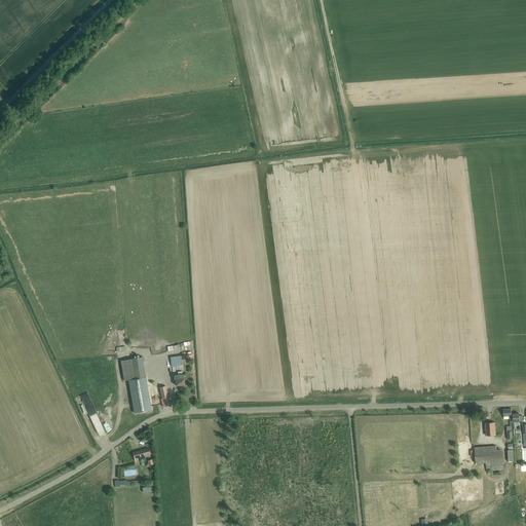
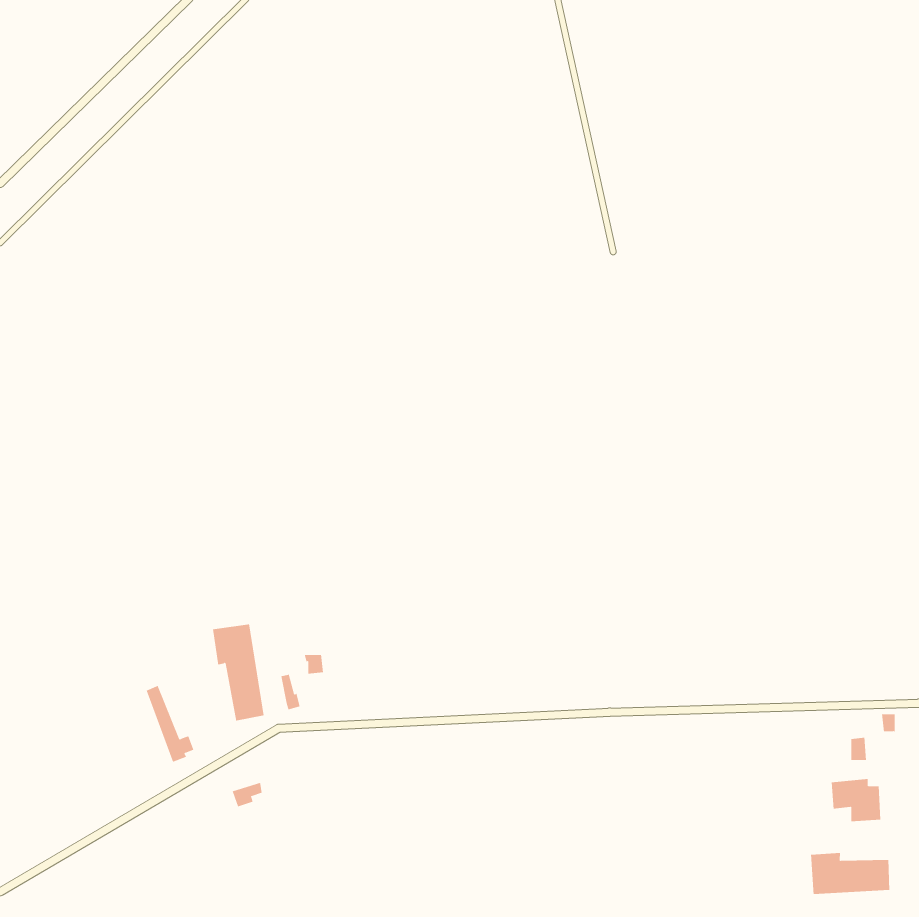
building: none -> [810,852,890,895]

